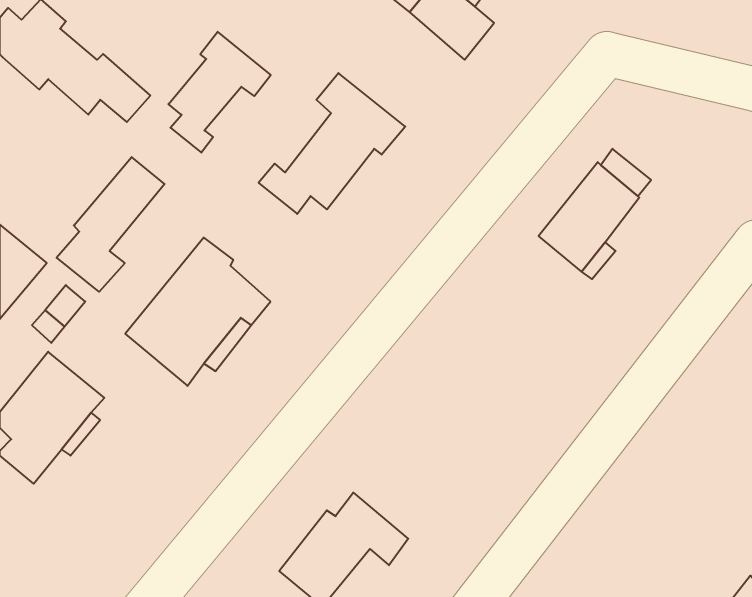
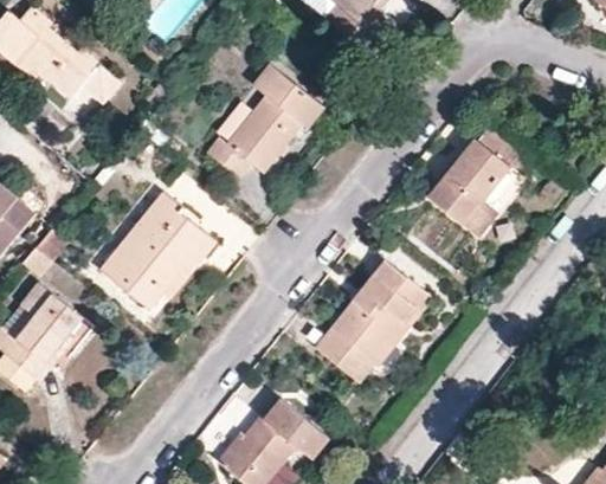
building: [168,32,271,153] -> none
building: [57,157,165,292] -> none
building: none -> [316,252,430,380]

